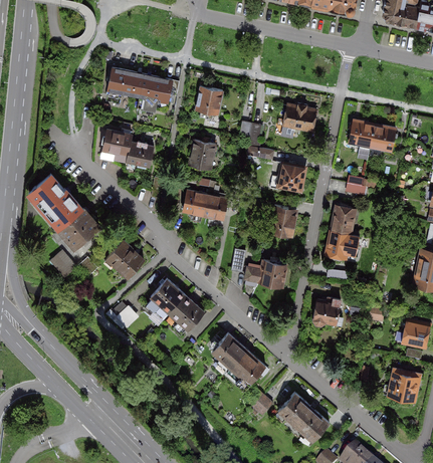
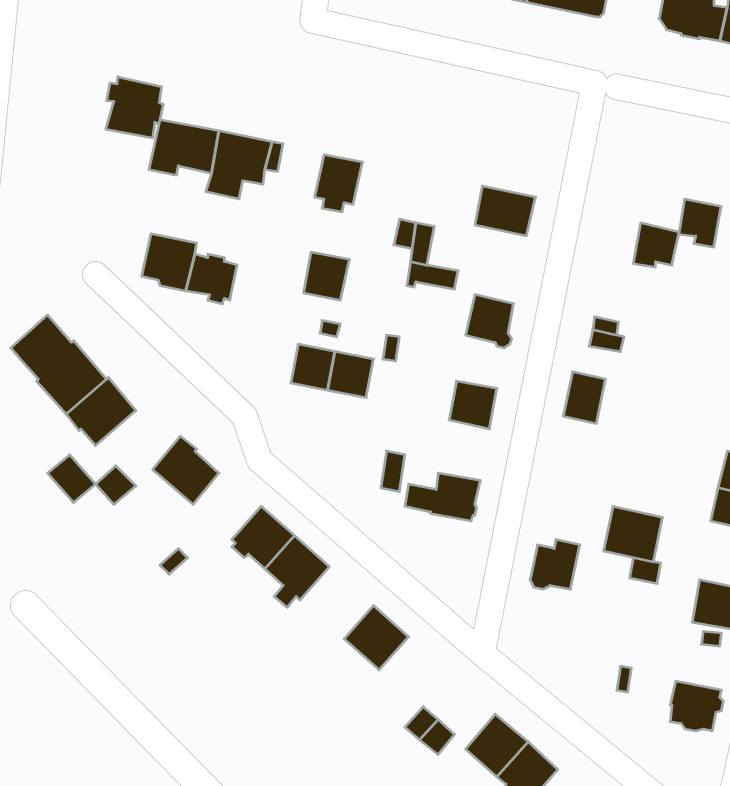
building: none -> [106,77,163,138]
building: [351,121,374,147] -> [679,199,721,247]
building: [327,230,359,260] -> [604,507,663,562]
building: [231,351,265,385] -> none

